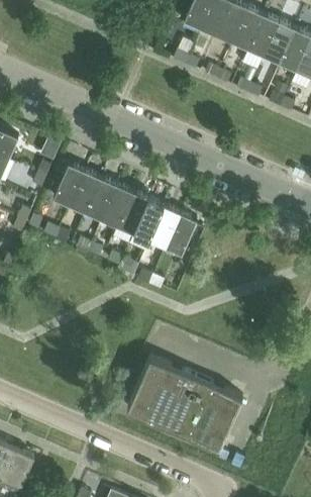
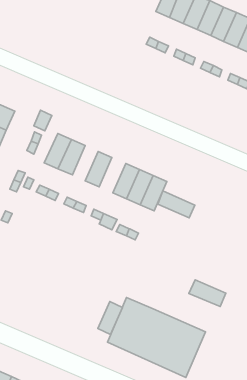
building: [86,178,116,219] -> none
building: [117,192,148,233] -> none
building: none -> [158,191,195,218]
building: none -> [189,280,226,307]
building: none -> [98,302,122,334]

